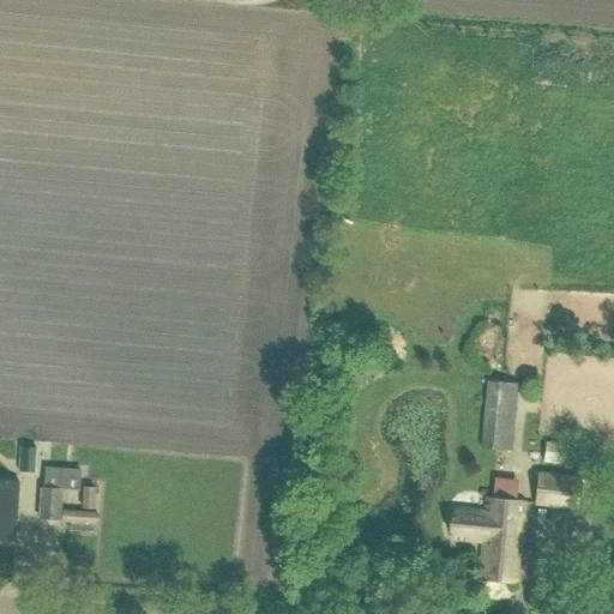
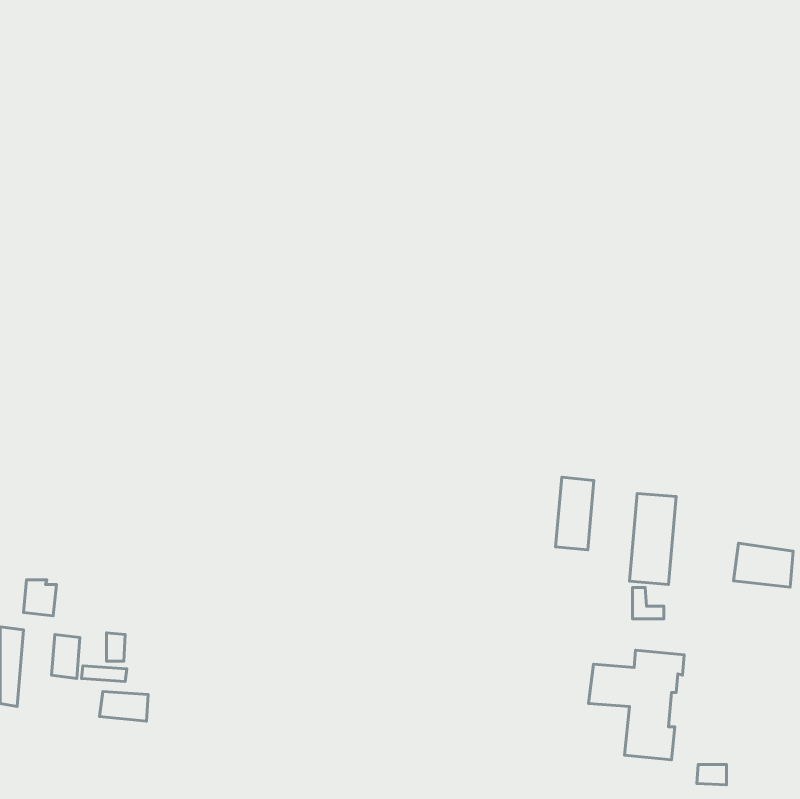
building: none -> [555,477,594,550]
building: [43,465,80,488] -> [100,691,148,721]
building: [535,472,580,506] -> [734,543,793,587]

